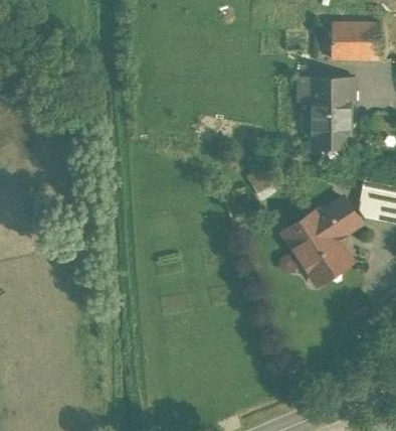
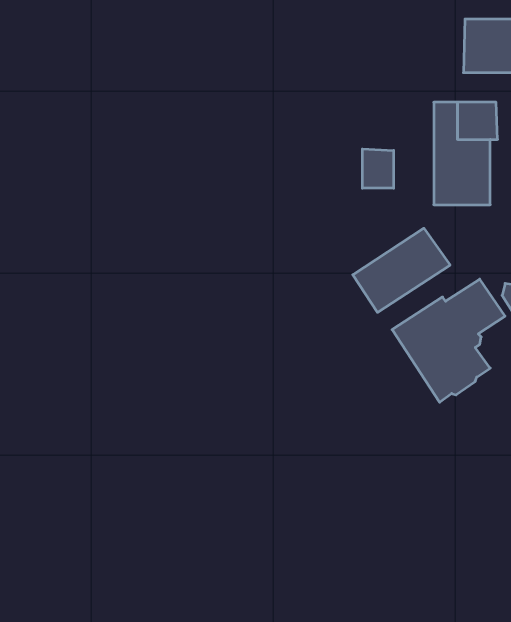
building: none -> [362,149,394,188]
building: none -> [353,228,450,312]

